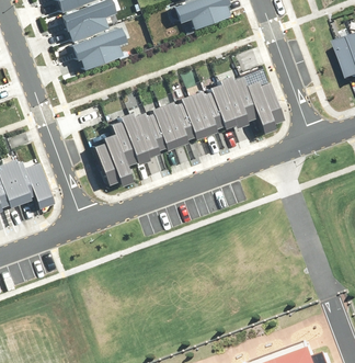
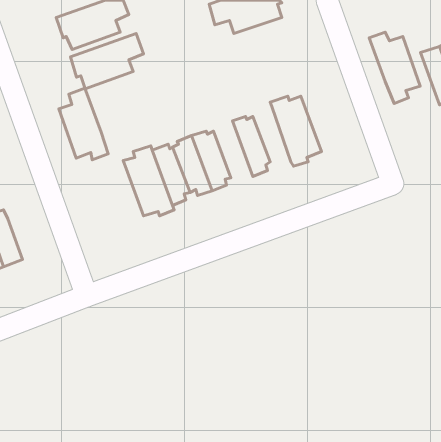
building: [245,79,284,133] -> [369,32,420,104]
building: [206,82,234,127] -> none
building: [176,93,206,138] -> none
building: [92,132,129,185] -> [59,88,108,160]
building: [22,162,51,208] -> none

